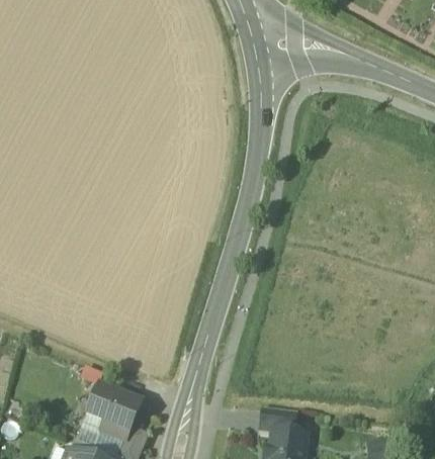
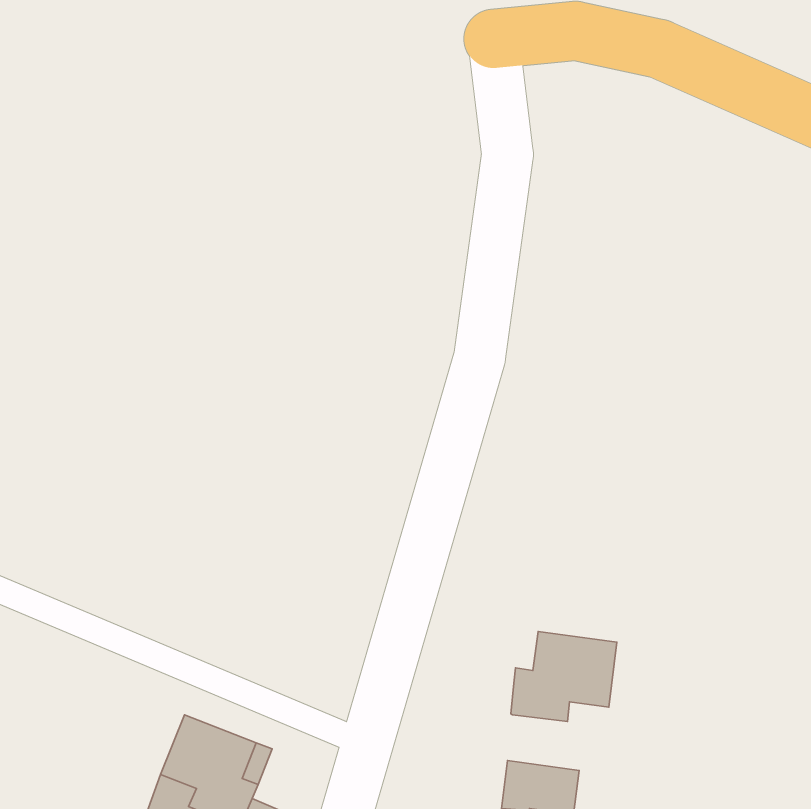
building: none -> [511,632,617,722]

